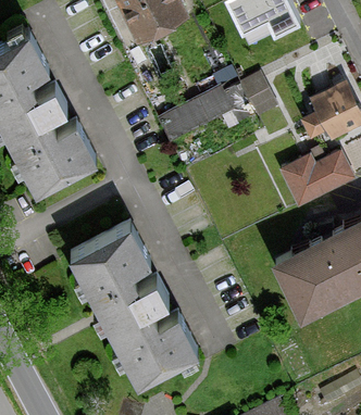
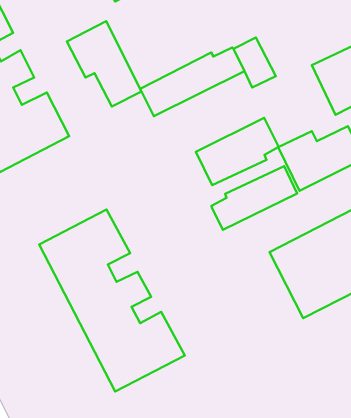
building: none -> [67,21,142,106]
building: none -> [196,118,278,185]
building: none -> [212,166,297,230]

